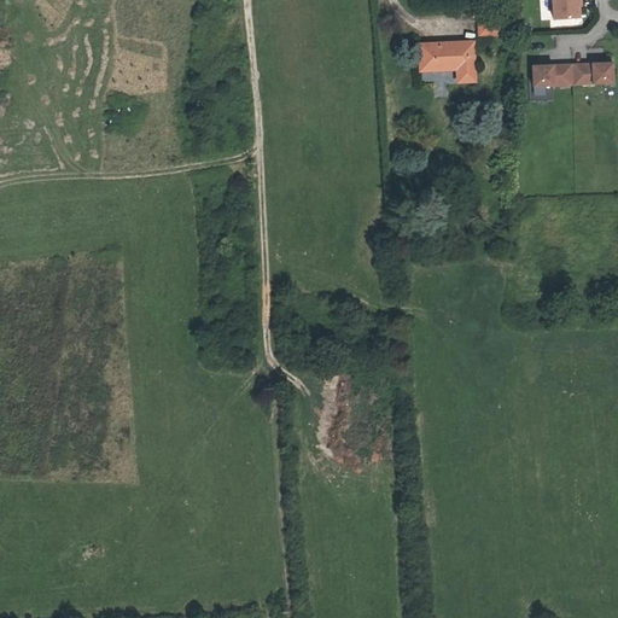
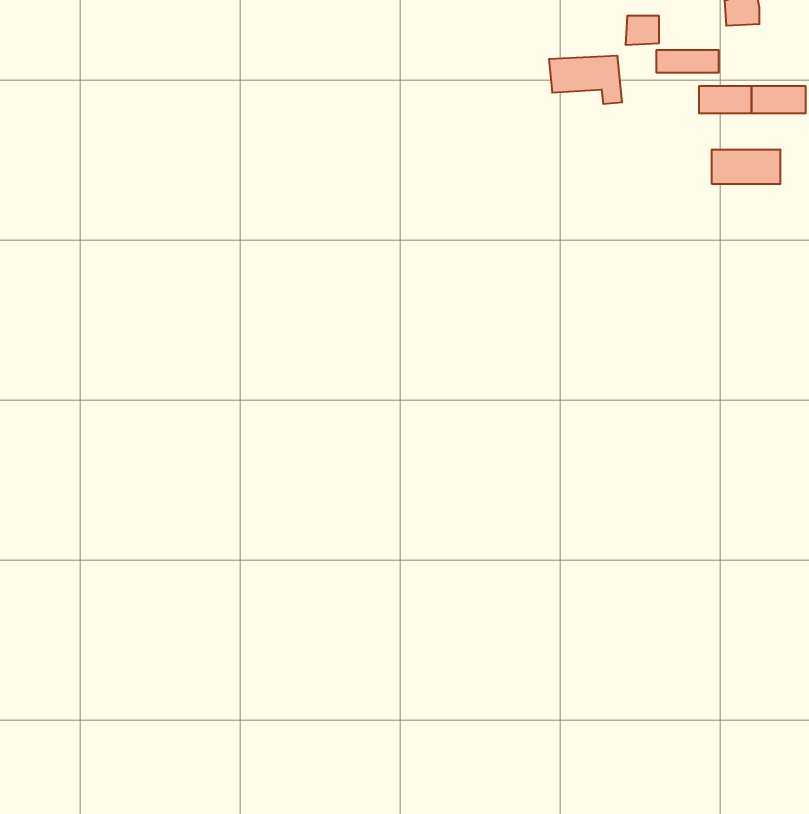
building: none -> [657,50,719,73]
building: none -> [712,149,780,184]

